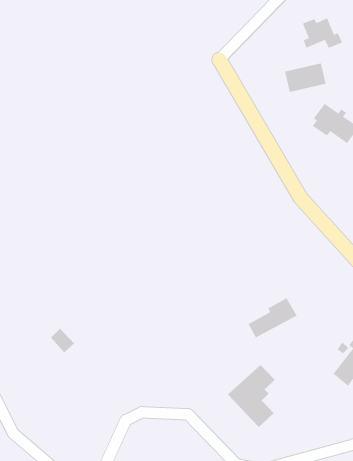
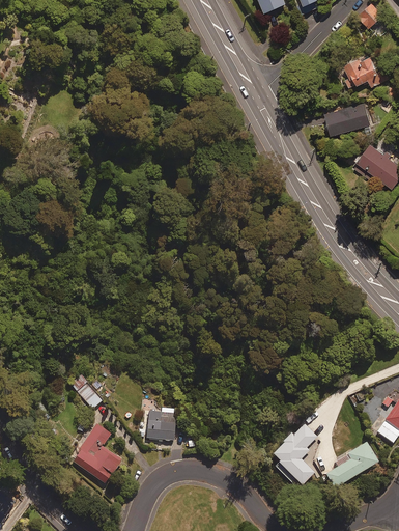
building: [248,297,298,338] -> [325,443,378,486]
building: none -> [146,408,176,441]
building: none -> [73,422,122,482]

